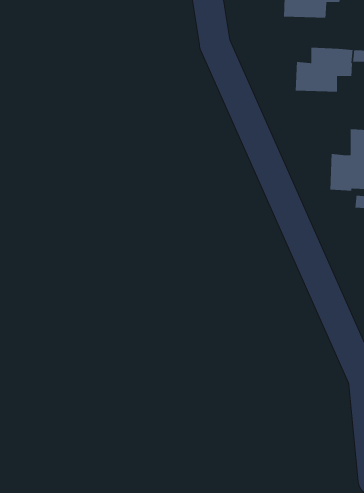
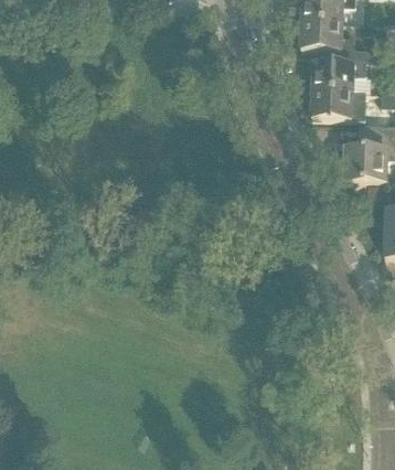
building: none -> [300,20,353,49]
building: none -> [312,88,364,118]

